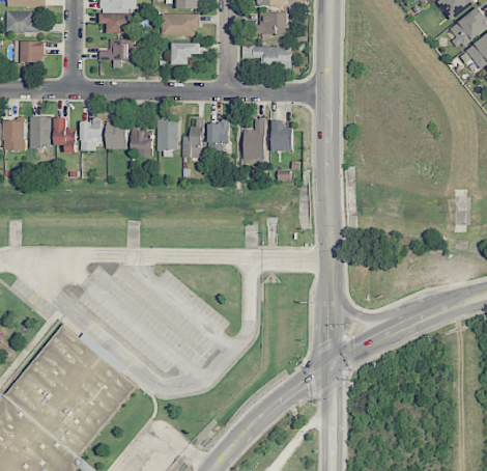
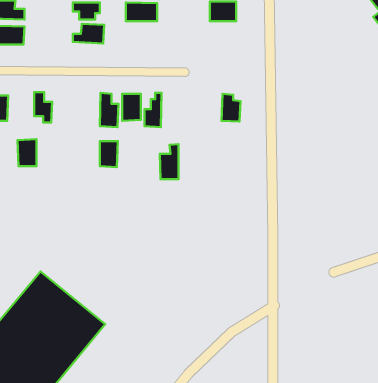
building: [172,43,200,64] -> none
building: [241,47,291,70] -> none
building: [29,116,51,147] -> [18,139,36,166]
building: [80,118,101,150] -> none
building: [242,118,264,159] -> [160,144,179,179]
building: [106,119,126,149] -> [100,141,118,167]
building: [207,119,229,151] -> none

